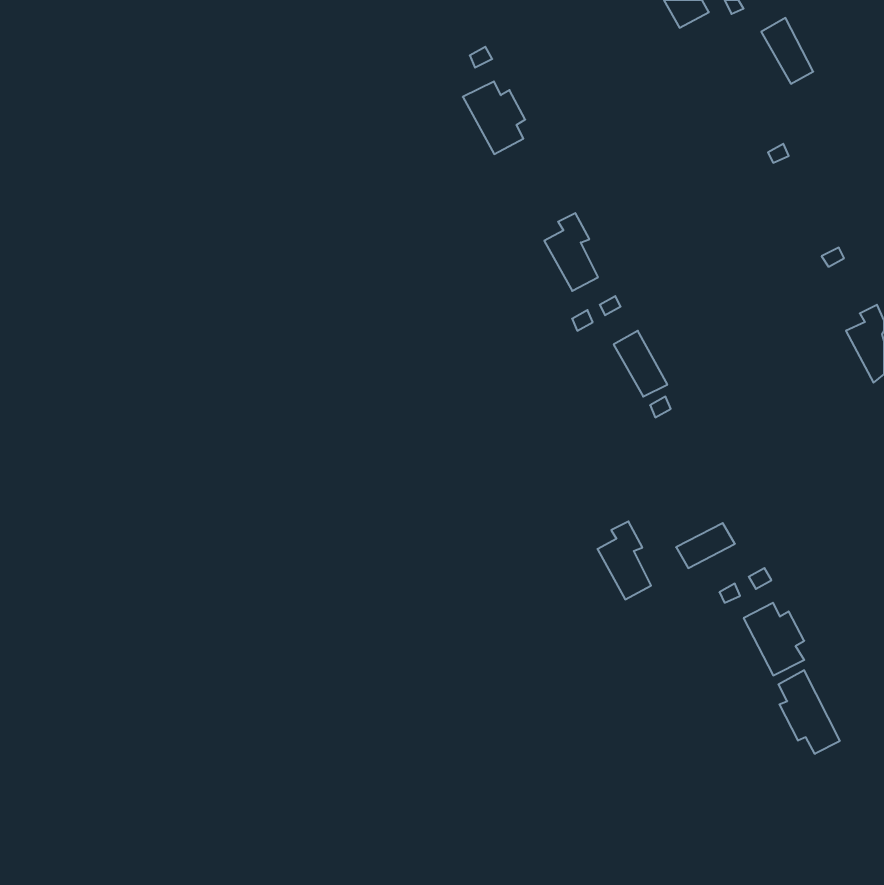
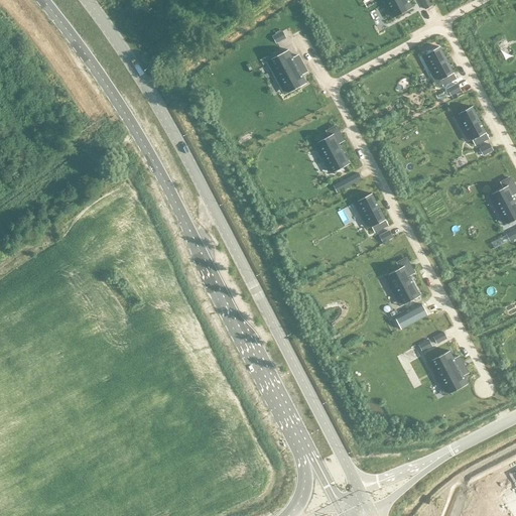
building: [761,18,813,84] -> [425,45,456,84]
building: none -> [458,106,488,144]
building: [597,521,651,599] -> [388,258,419,303]
building: [778,670,840,754] -> none

